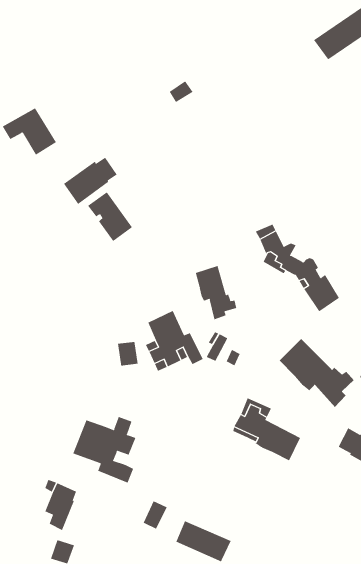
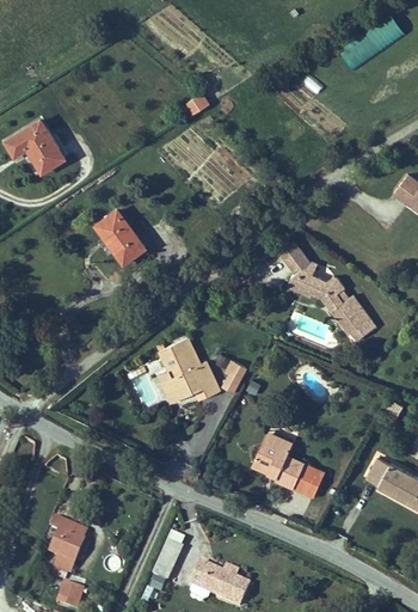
building: [63,157,117,205] -> none
building: [195,265,237,320] -> none
building: [279,338,354,408] -> none
building: [72,416,136,484] -> none

